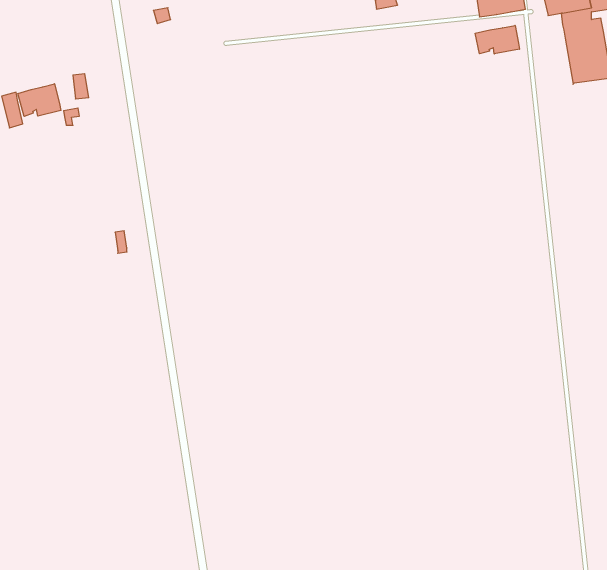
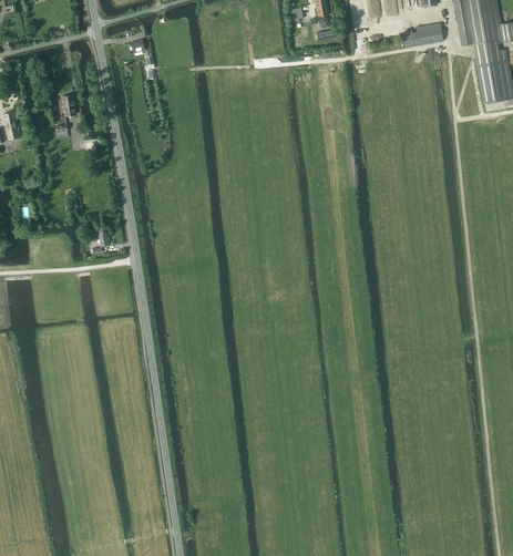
building: [475,25,519,54] -> none
building: [18,84,61,116] -> none

